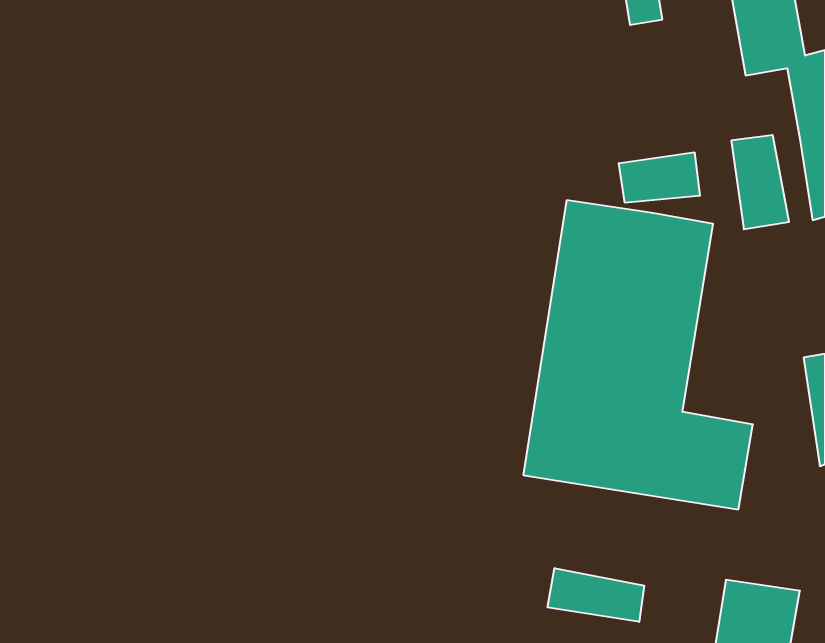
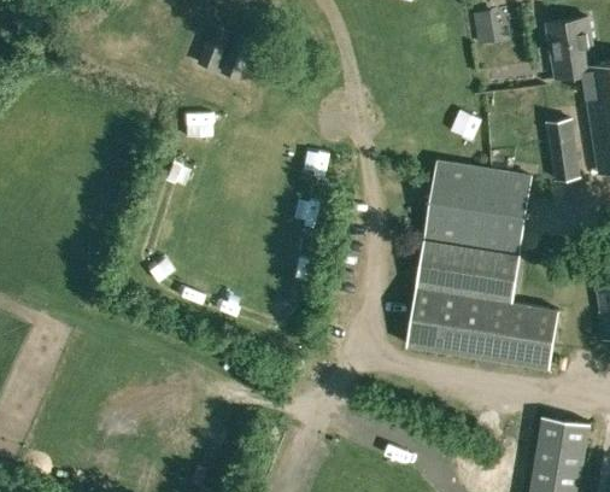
building: [619,152,700,203] -> none
building: [548,568,644,622] -> none

